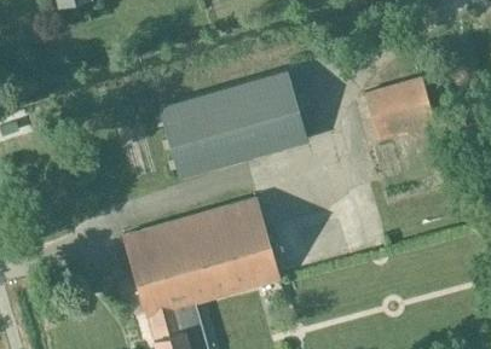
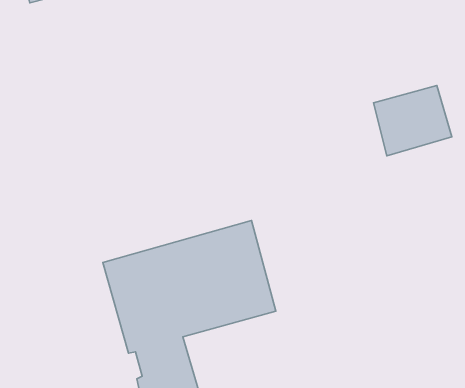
building: [157,69,313,179] -> none

